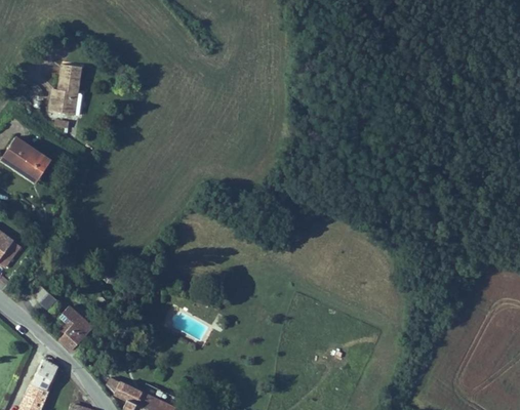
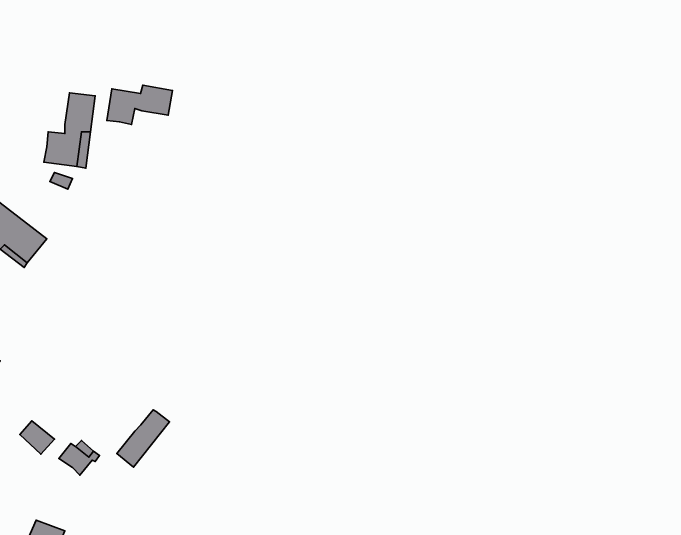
building: none -> [107,85,172,124]
building: [54,316,90,355] -> [117,410,170,467]

